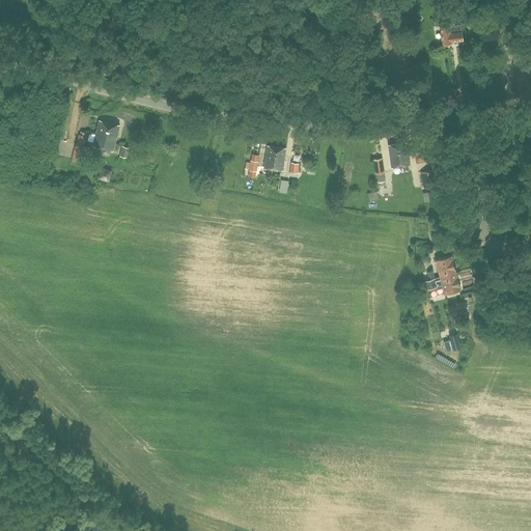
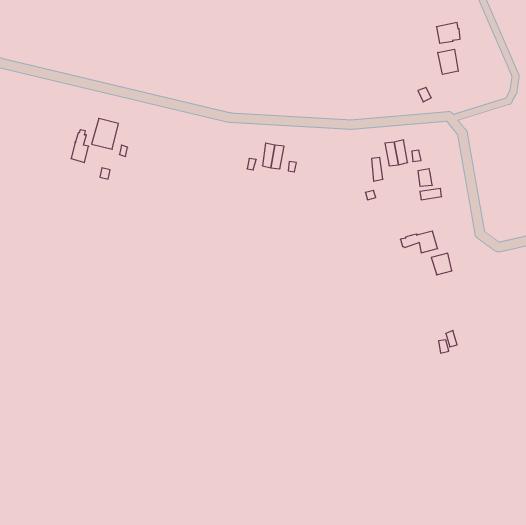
building: none -> [438,49,458,74]
building: [423,274,460,296] -> [400,231,438,253]

